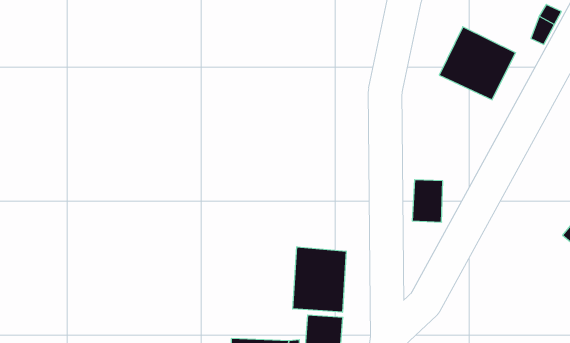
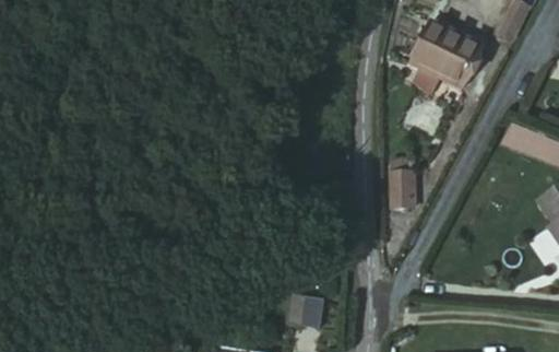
building: [293,247,346,312] -> none

